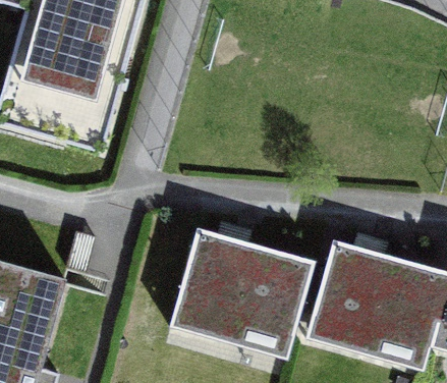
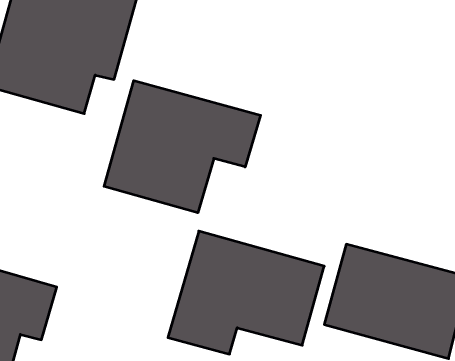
building: none -> [104,81,261,213]

